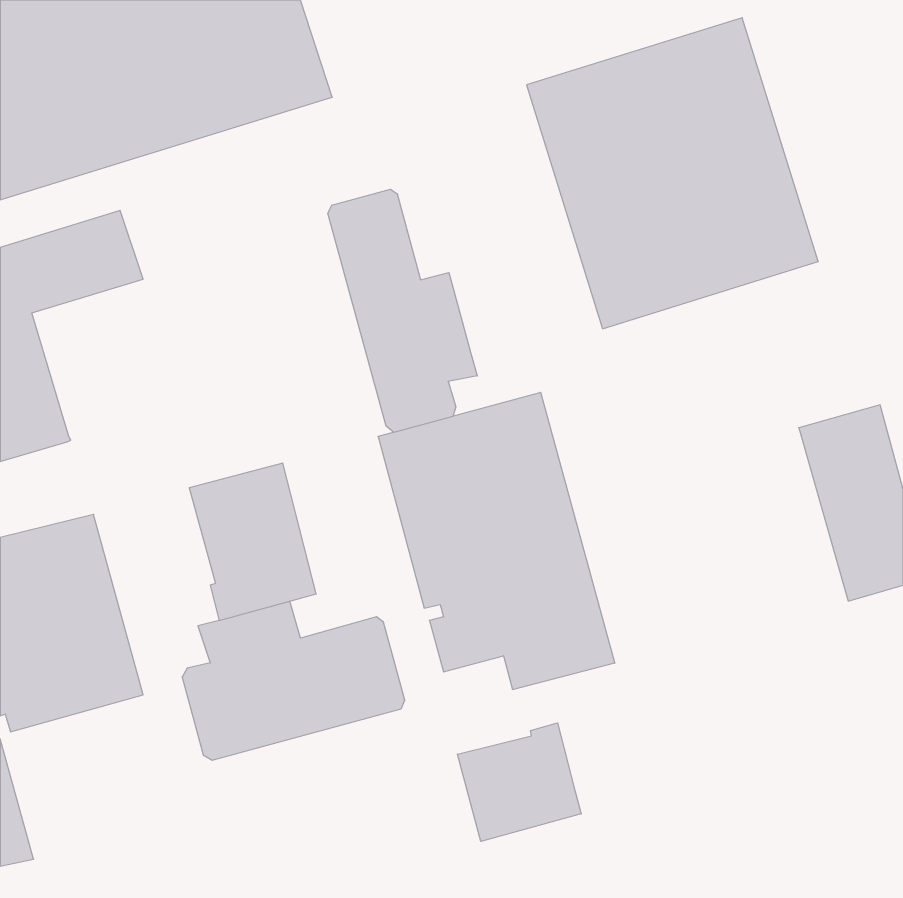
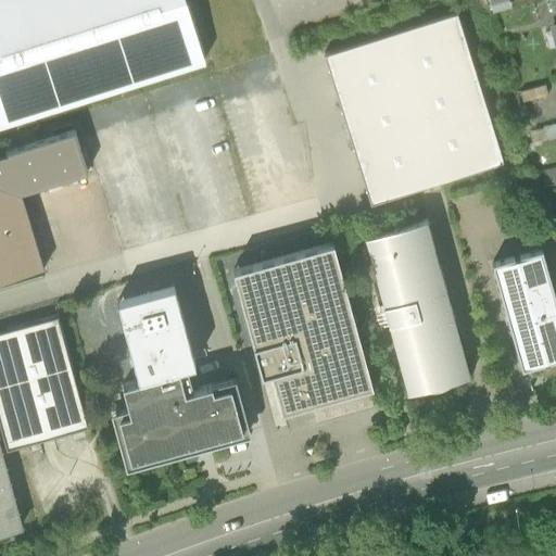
building: [328,189,477,432] -> none
building: none -> [365,223,468,395]
building: [457,723,581,841] -> none

